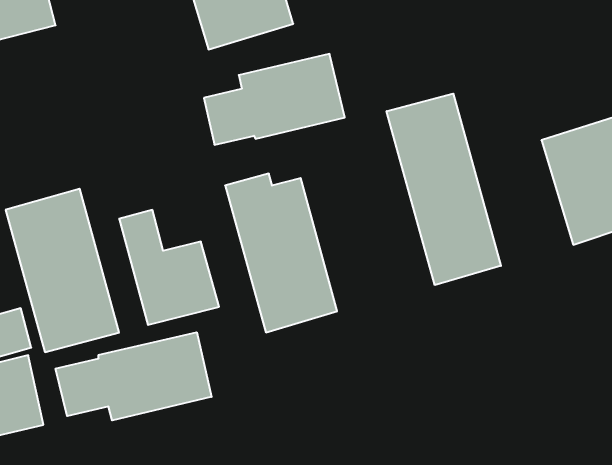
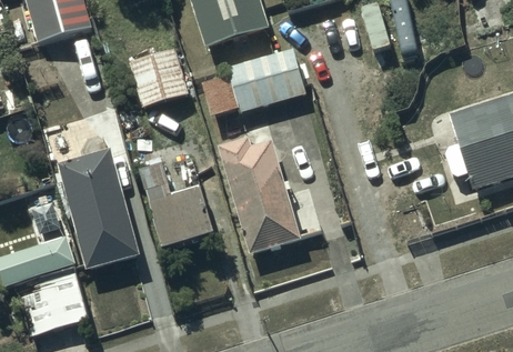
building: none -> [130,48,188,105]
building: [387,94,501,285] -> none
building: [56,332,212,420] -> none

